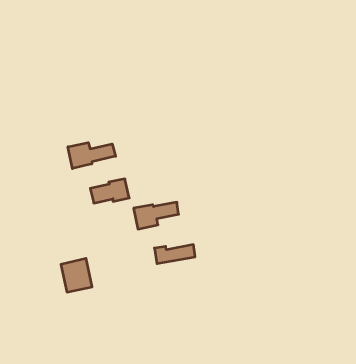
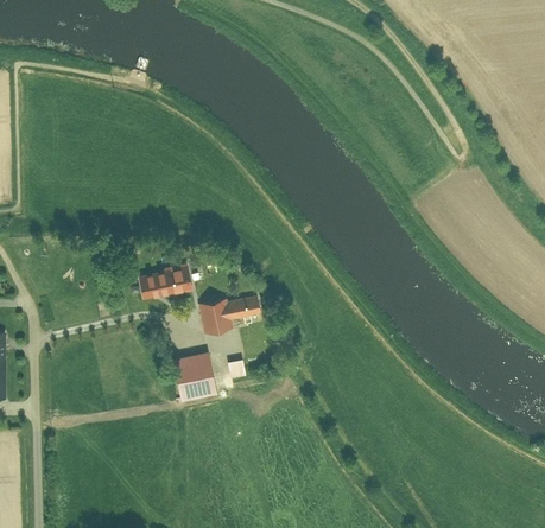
building: [68,143,116,169] -> none
building: [61,258,92,292] -> [173,350,216,396]

